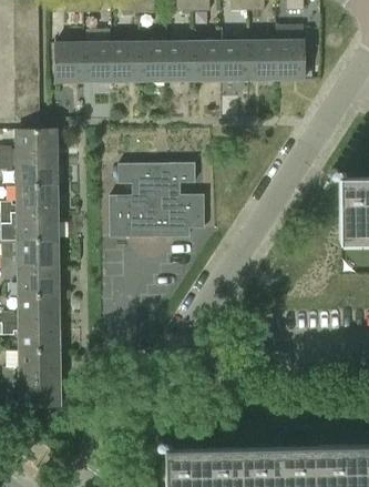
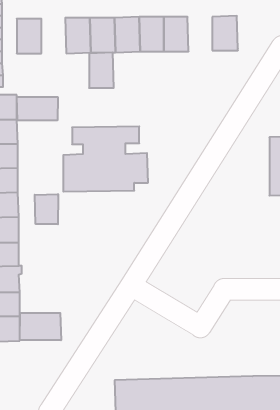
building: [248,42,276,81] -> none
building: [84,43,112,83] -> [89,52,114,88]
building: none -> [17,97,58,120]
building: none -> [35,194,58,224]
building: none -> [20,313,61,340]

